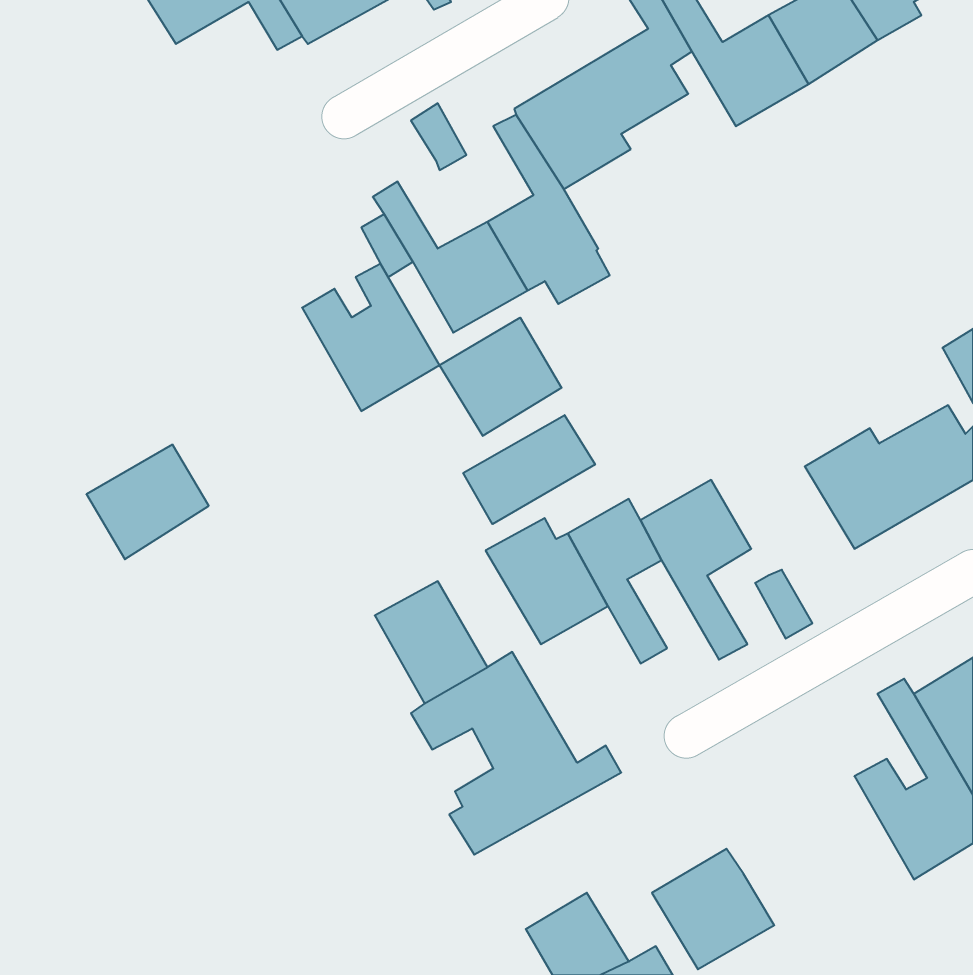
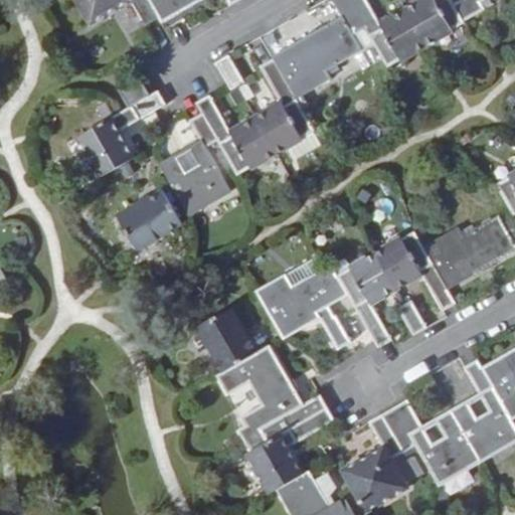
building: none -> [78,76,166,175]
building: [440,318,562,436] -> none
building: [463,415,595,524] -> none
building: none -> [374,229,457,310]
building: [86,445,209,559] -> [117,190,181,250]
building: none -> [367,398,481,487]
building: none -> [245,406,334,493]

